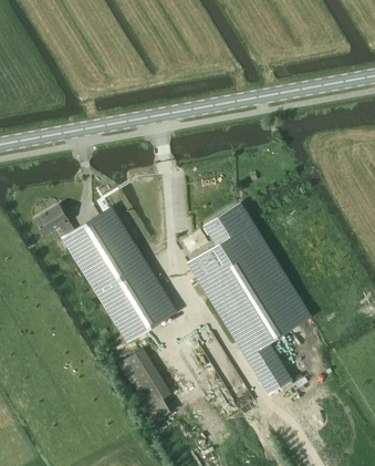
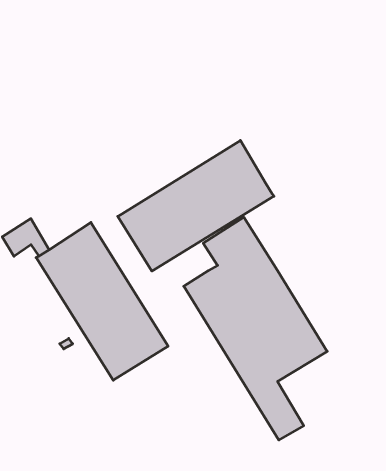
building: none -> [118,140,274,271]
building: [118,350,170,411] -> none

